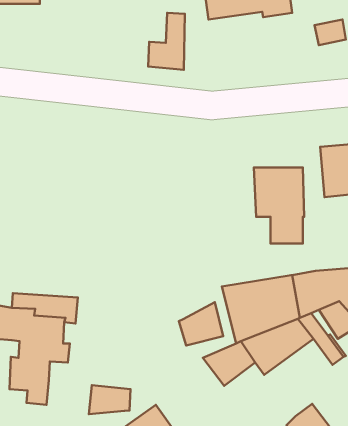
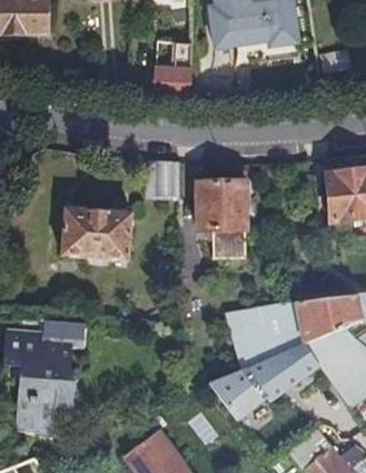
building: none -> [155,161,184,198]
building: [254,168,304,244] -> [196,183,246,258]
building: none -> [60,209,131,262]
building: [179,302,223,346] -> none
building: [89,385,130,414] -> none

